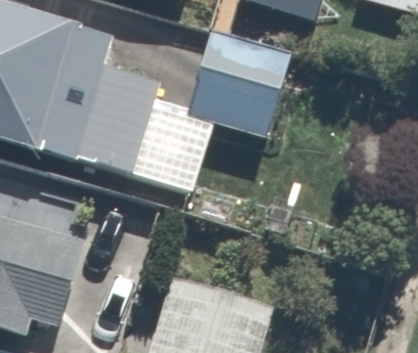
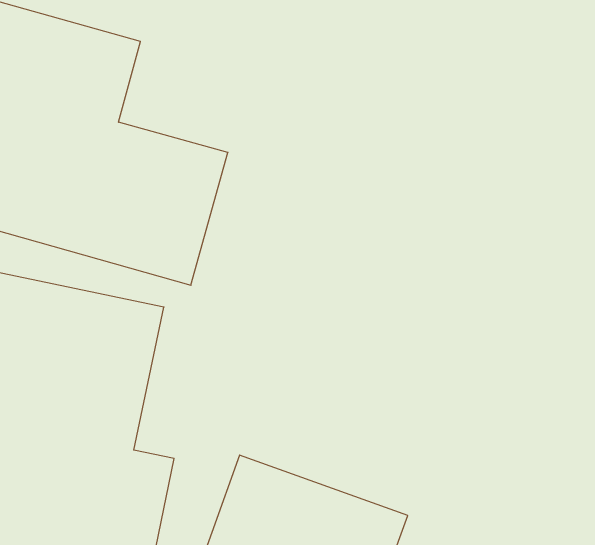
building: [183,27,298,132] -> none

